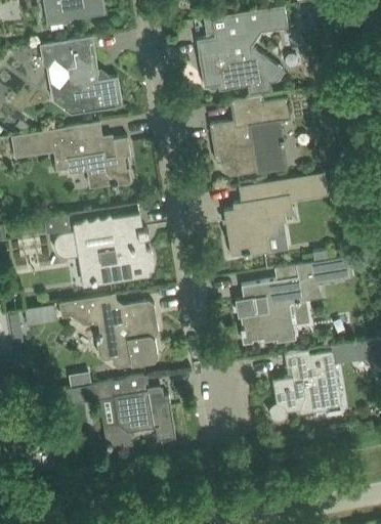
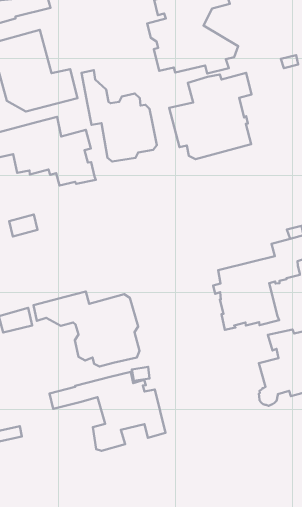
building: none -> [81,70,157,162]
building: [223,173,328,257] -> none
building: [55,215,154,286] -> none

